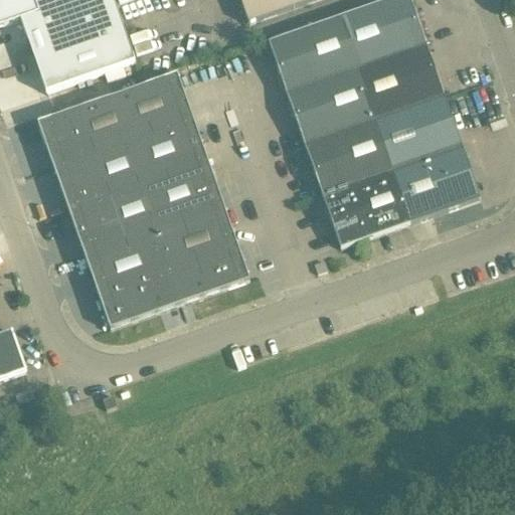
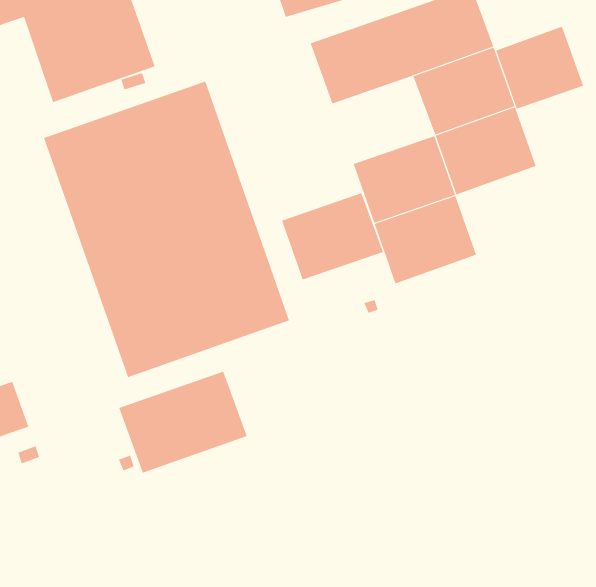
building: none -> [496,26,584,109]
building: [286,65,374,141] -> [281,193,384,280]
building: [392,143,480,219] -> none
building: none -> [119,371,247,474]

